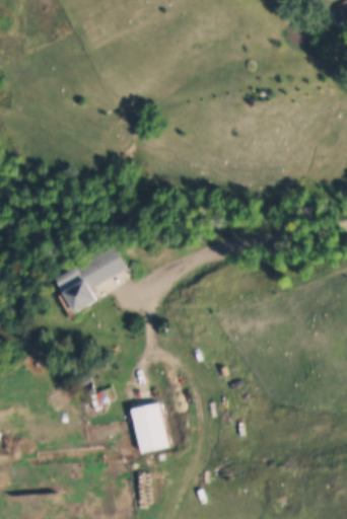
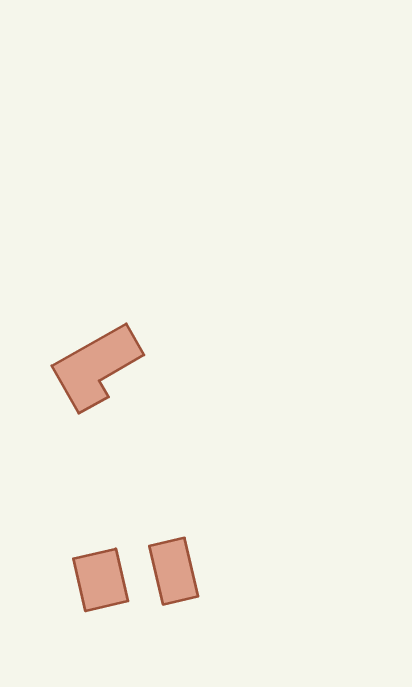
building: none -> [73,549,128,611]

